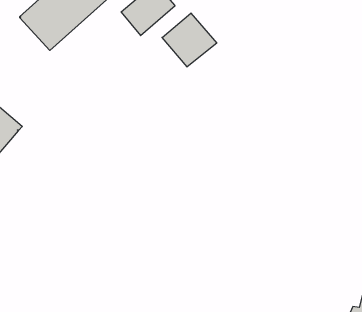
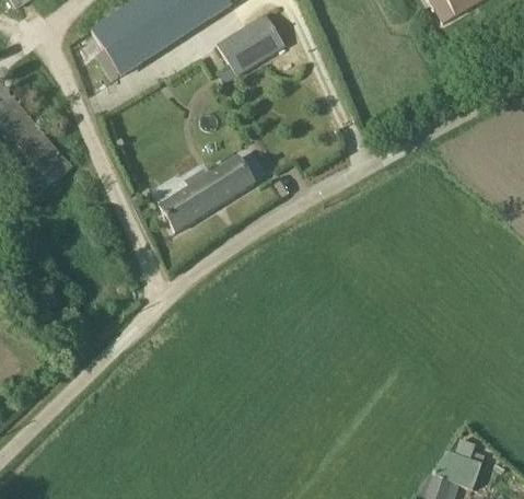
building: [162,13,217,67] -> none
building: none -> [158,155,255,231]

